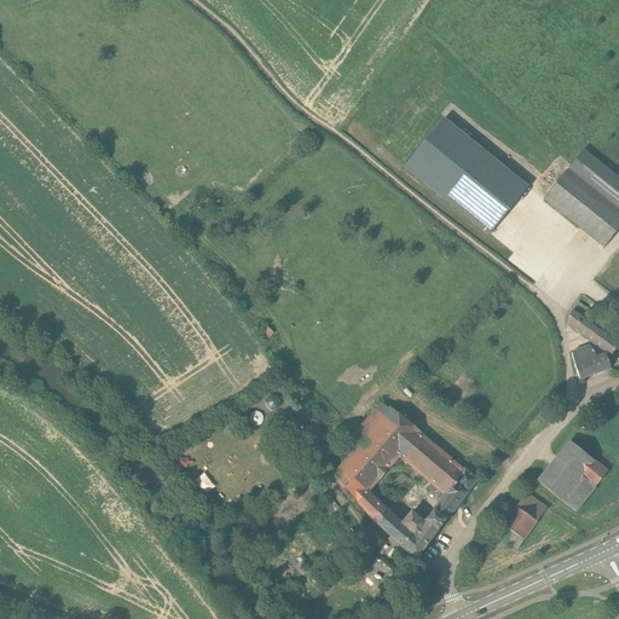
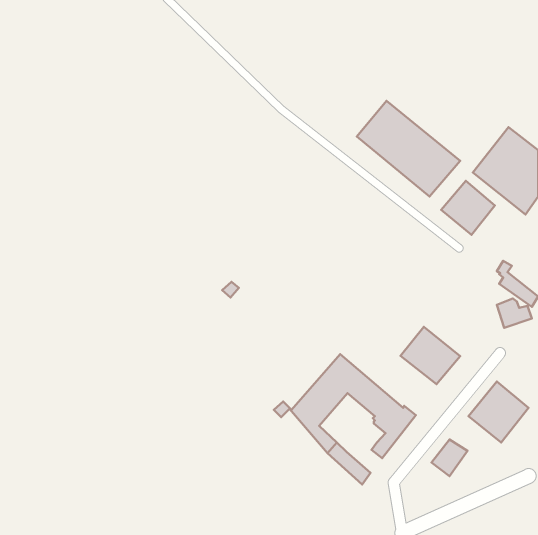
building: none -> [441,181,495,235]
building: none -> [401,327,460,384]
building: [398,510,439,544] -> none

